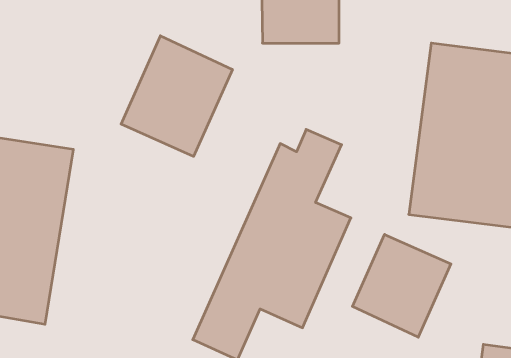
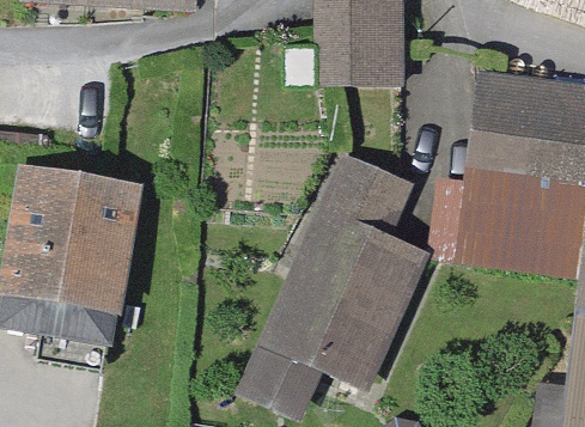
building: [121,36,232,156] -> none
building: [352,234,451,337] -> none

